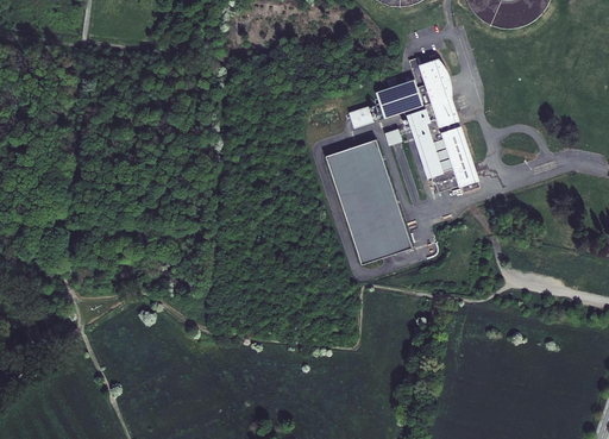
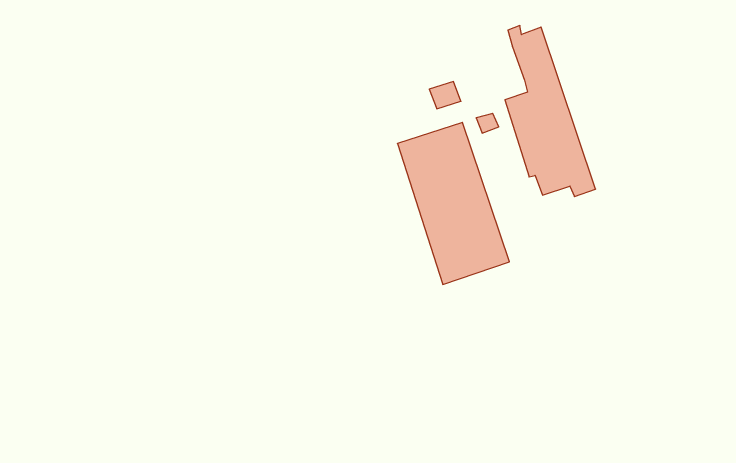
building: [376,74,425,113] -> none

